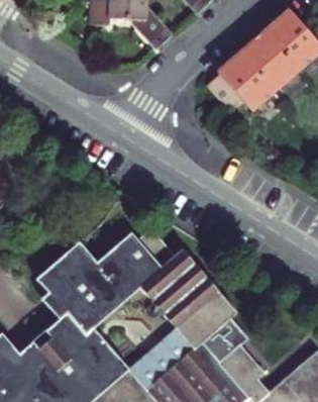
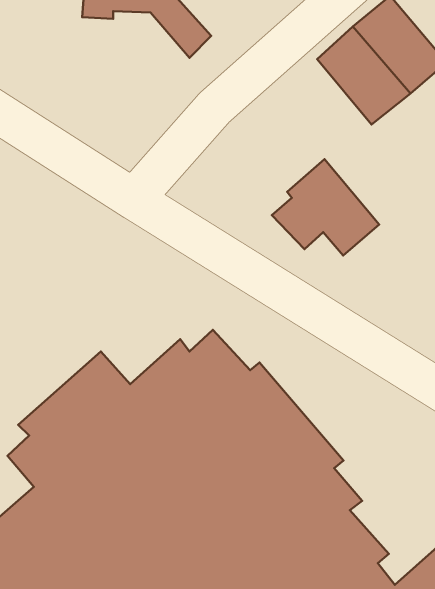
building: [205,48,275,111] -> [272,159,379,256]

